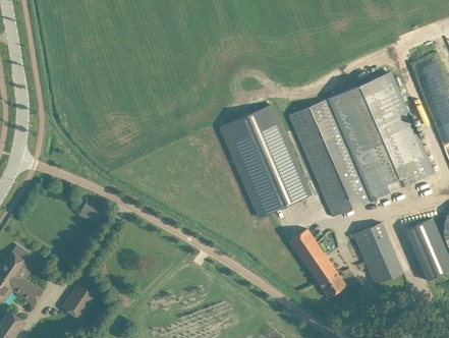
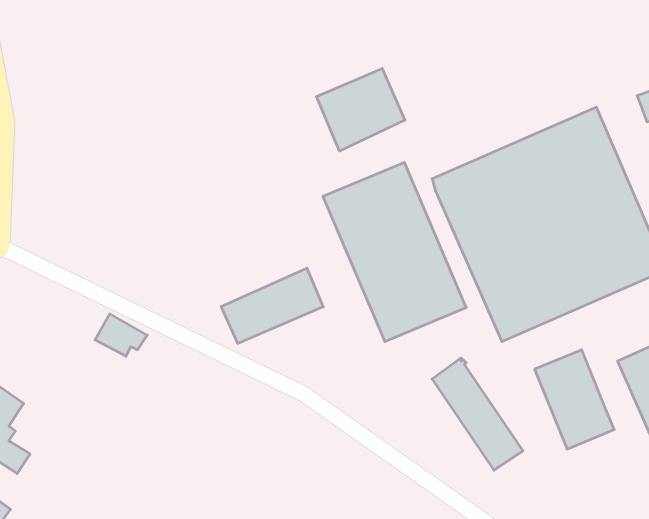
building: none -> [316,68,405,151]
building: none -> [221,268,323,343]
building: [61,279,98,319] -> none

